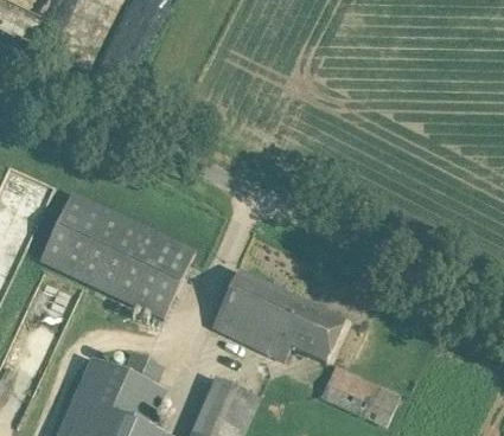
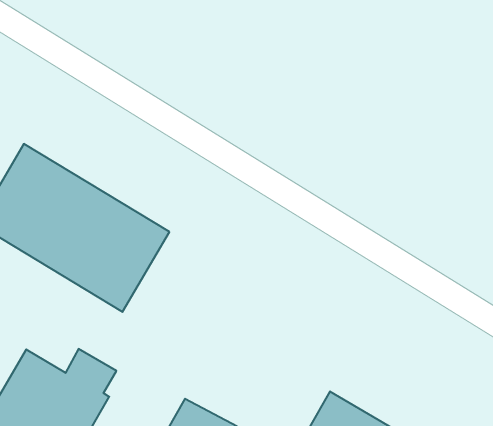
building: [210,270,344,363] -> none

